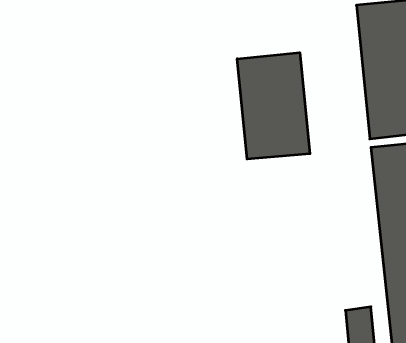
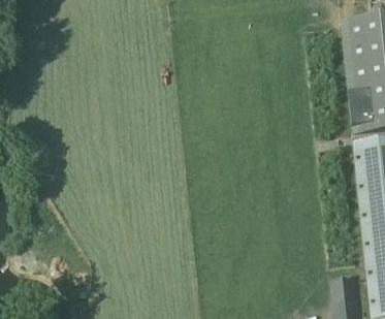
building: [237,53,310,159] -> none

